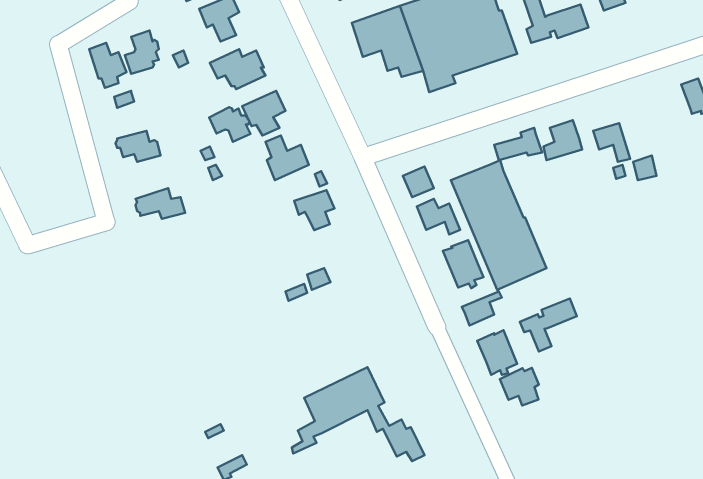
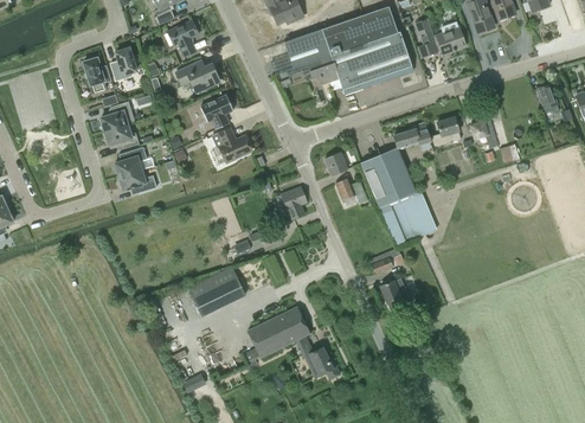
building: none -> [101,102,134,130]
building: [209,107,251,142] -> none
building: none -> [114,147,146,177]
building: [294,190,334,230] -> [276,187,307,218]
building: [443,240,484,288] -> none
building: [520,299,577,351] -> none
building: none -> [187,267,244,315]
building: [500,368,539,406] -> none

